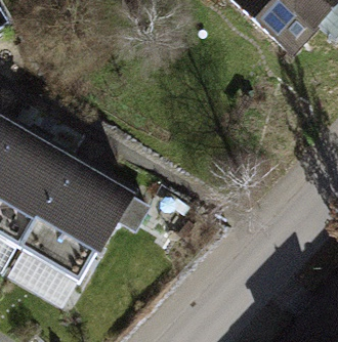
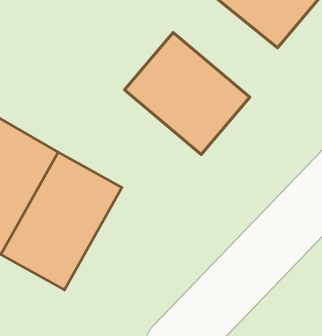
building: none -> [125,33,250,154]

